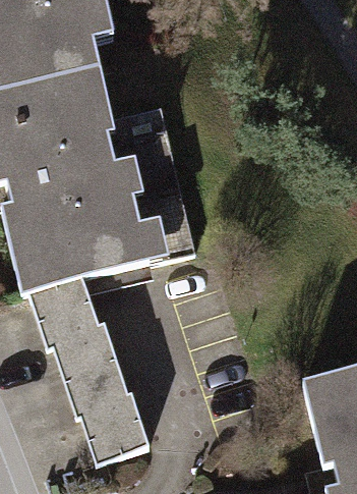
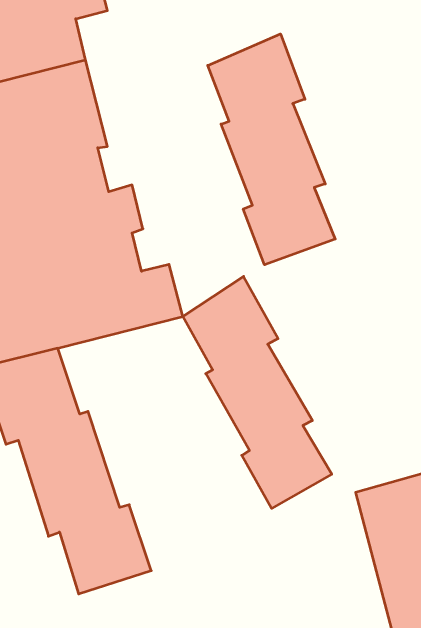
building: none -> [208,34,335,265]
building: none -> [183,276,332,508]

